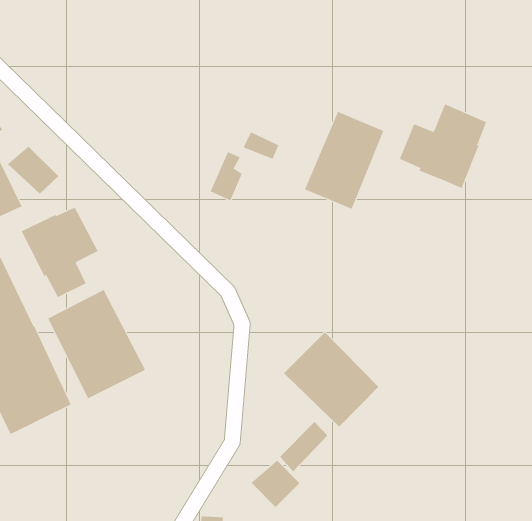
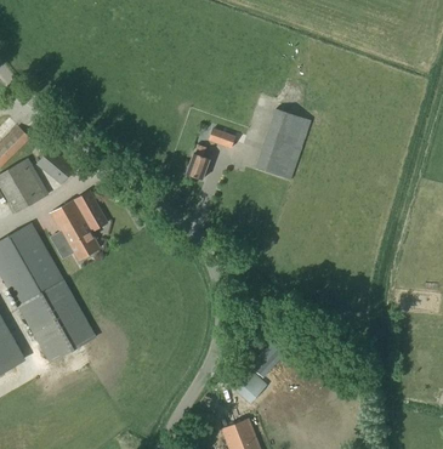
building: [399,104,487,189] -> none
building: [48,289,146,399] -> none
building: [283,332,379,427] -> none

